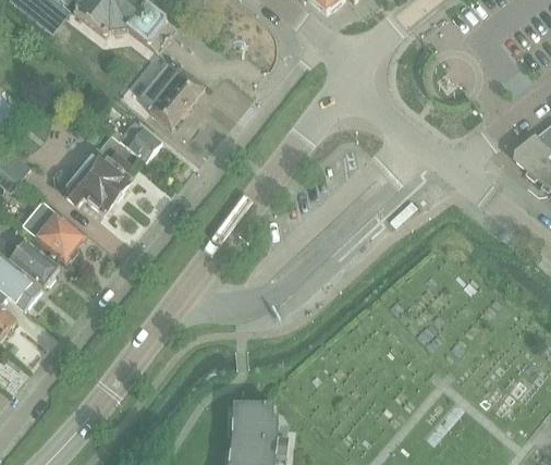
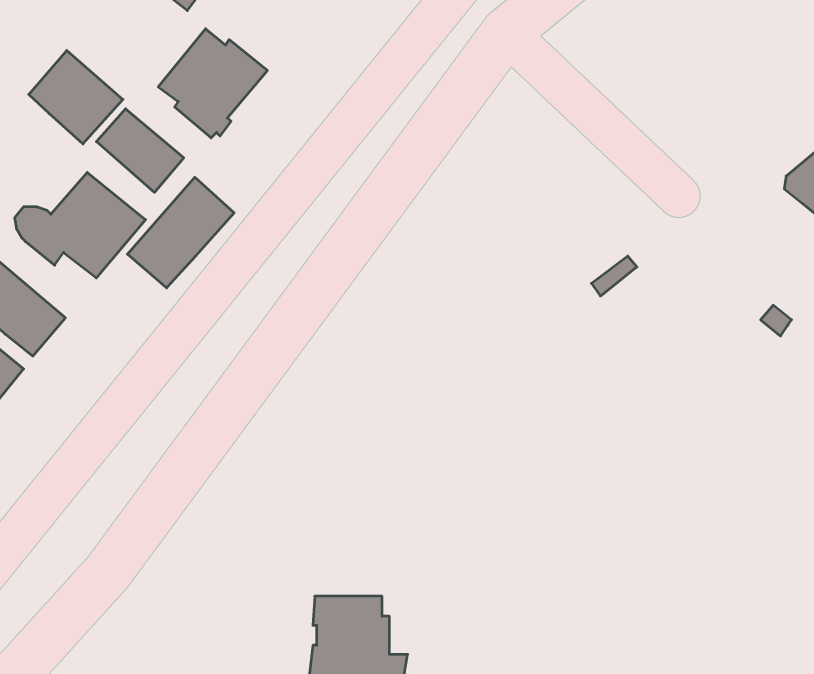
building: none -> [29,50,123,144]
building: none -> [127,177,234,288]

